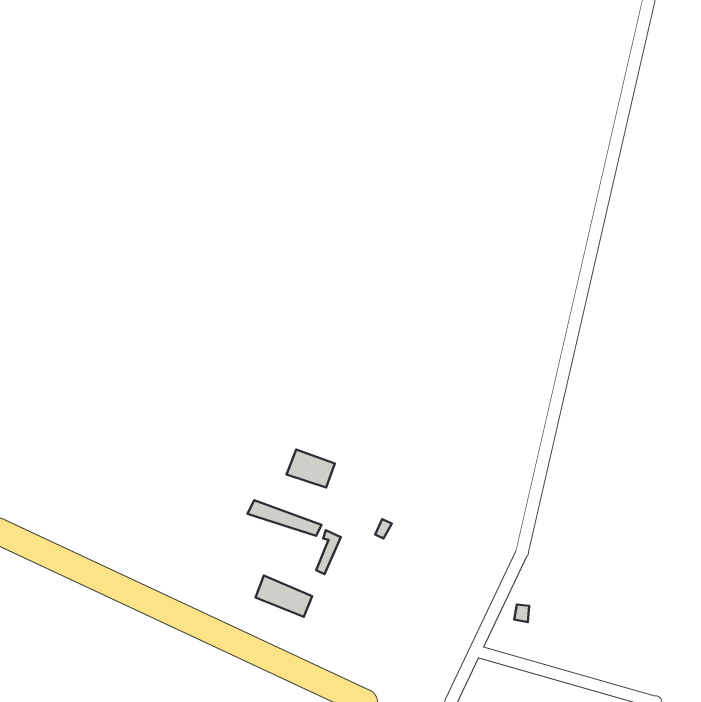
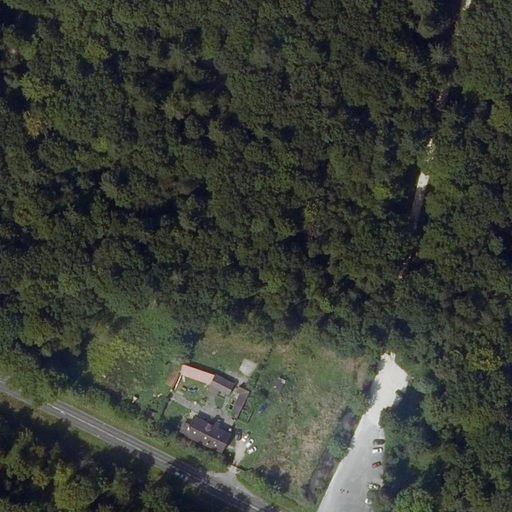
building: [286,449,335,488] -> none

